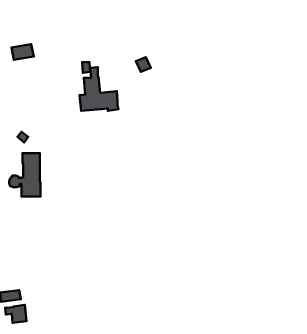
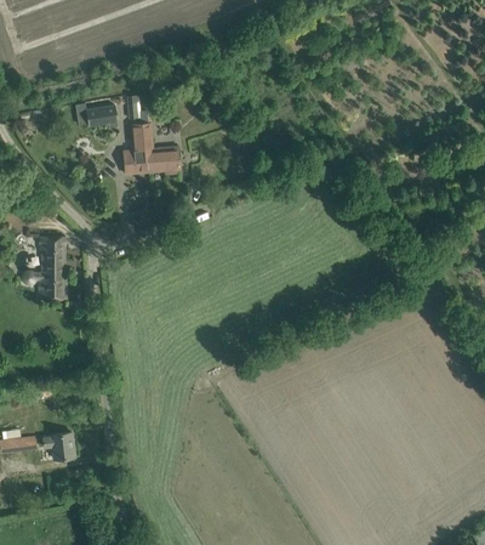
building: [11,44,34,60] -> [86,103,119,126]
building: [5,305,27,323] -> [42,432,74,459]

